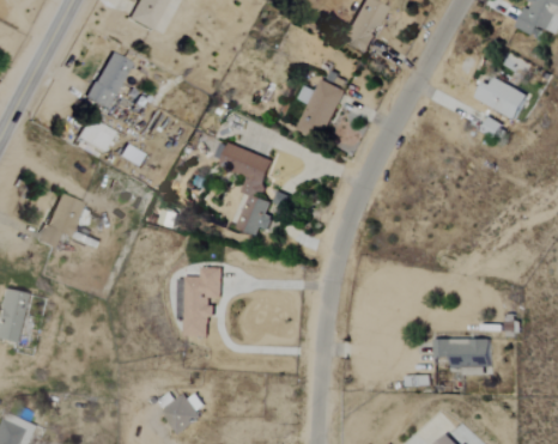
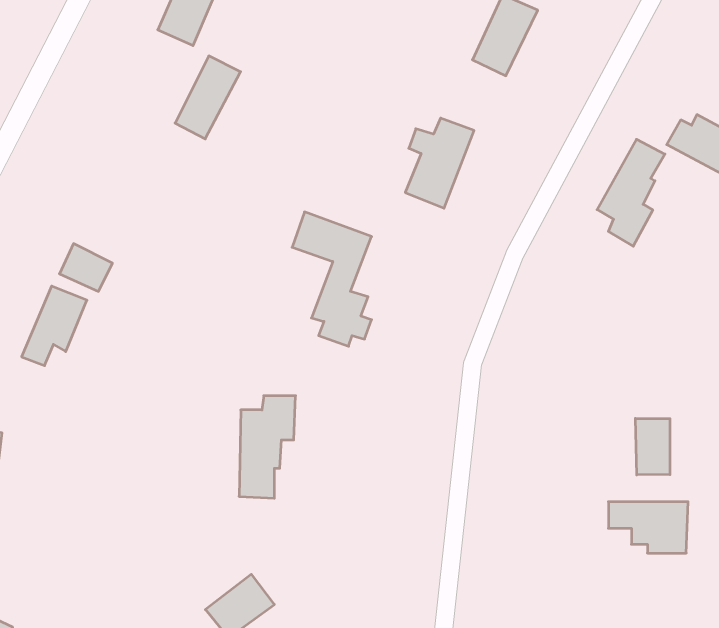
building: [86,51,131,108] -> [175,56,241,139]
building: none -> [597,139,665,246]
building: [77,118,113,151] -> [59,244,112,291]
building: none -> [635,418,670,475]

